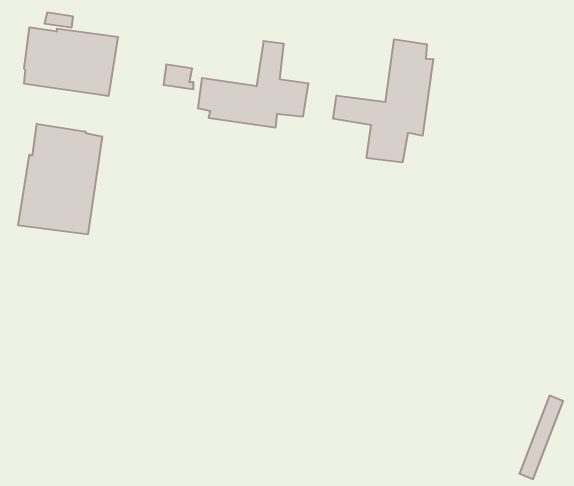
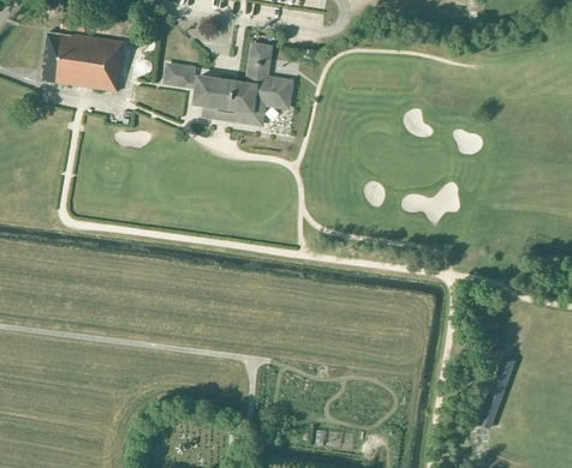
building: [333,39,433,162] -> none
building: [18,124,102,234] -> none

